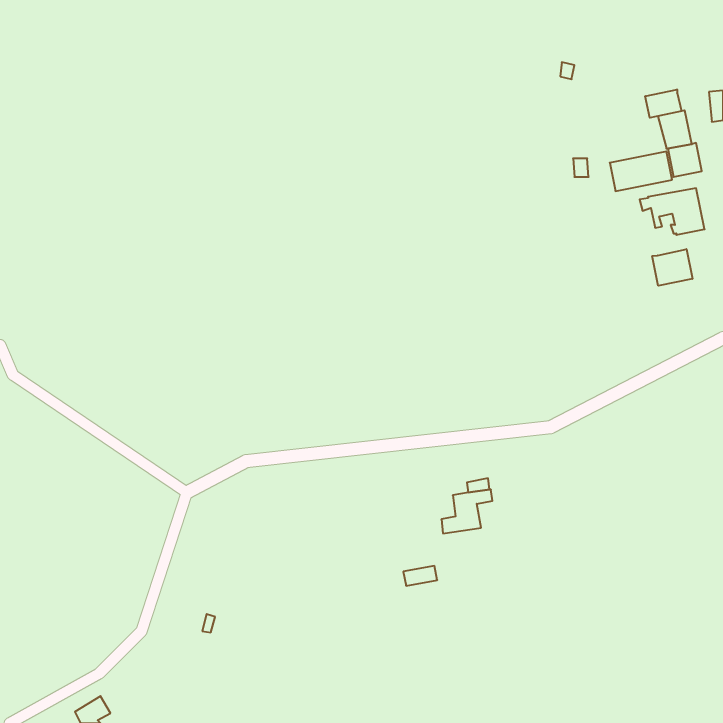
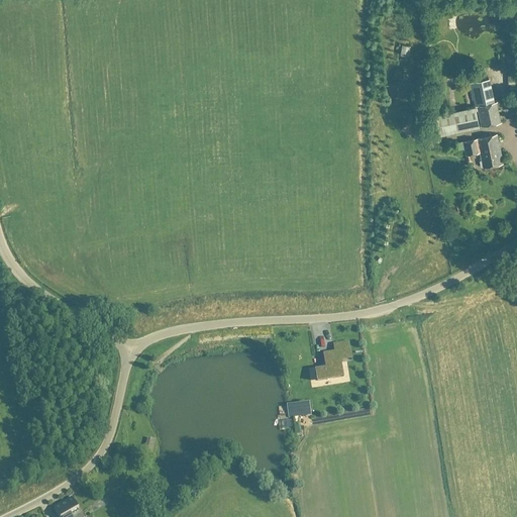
building: [645,89,682,118] -> none
building: [652,249,692,286] -> none

